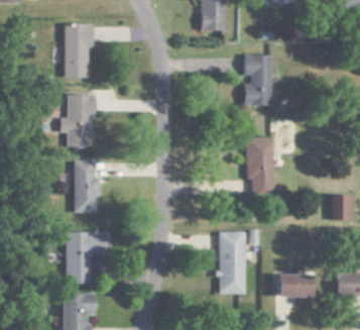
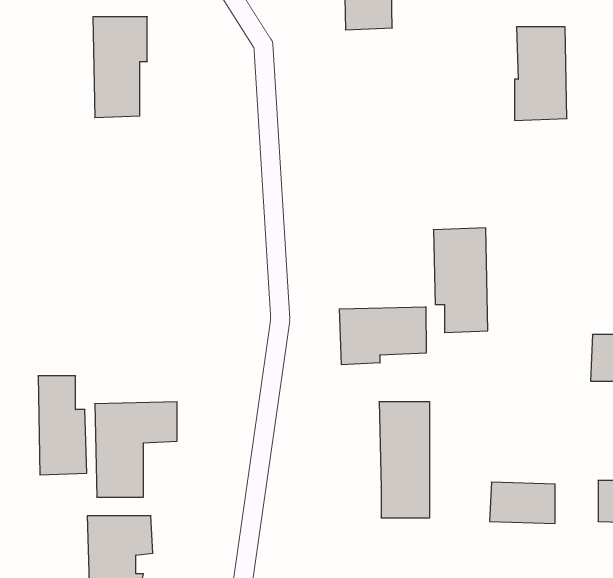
building: [246,54,274,105] -> [515,27,567,120]
building: [61,94,95,146] -> none
building: [75,159,101,213] -> [38,376,87,475]
building: none -> [339,307,426,365]

